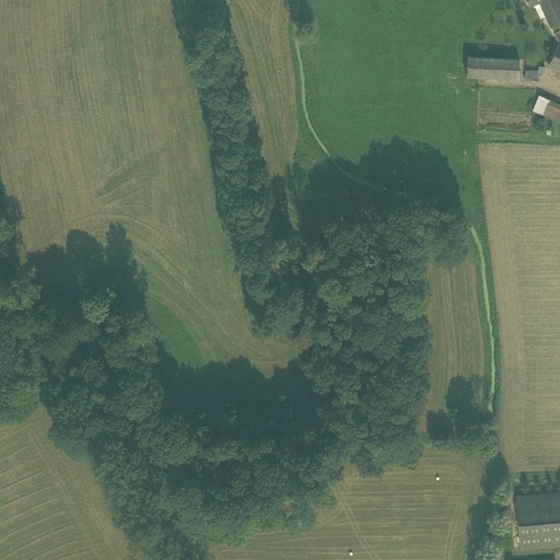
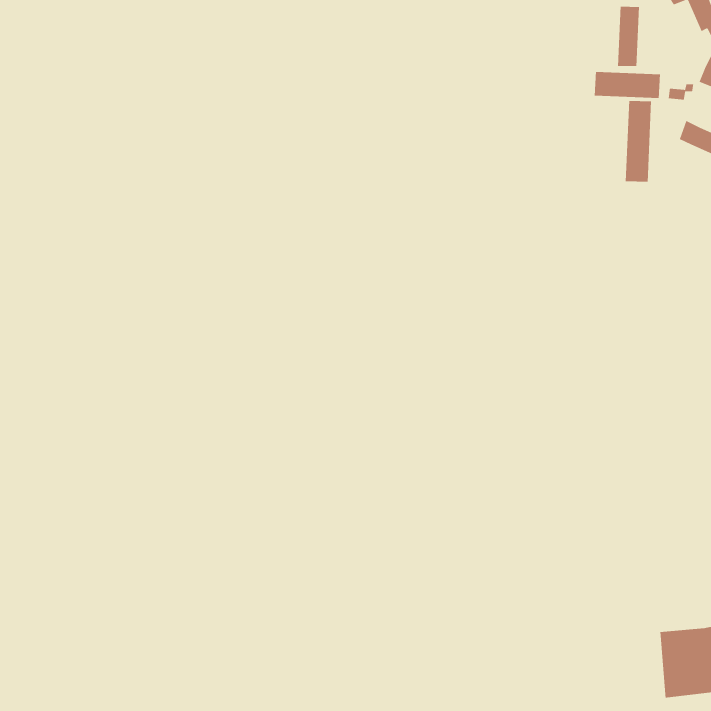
building: none -> [617,6,640,67]
building: none -> [625,100,652,182]

